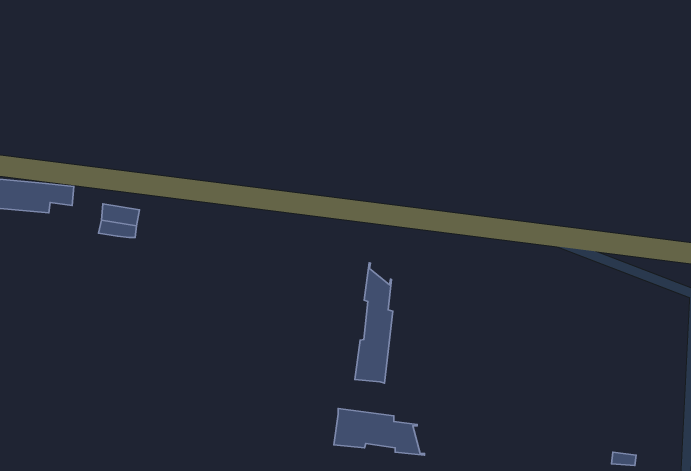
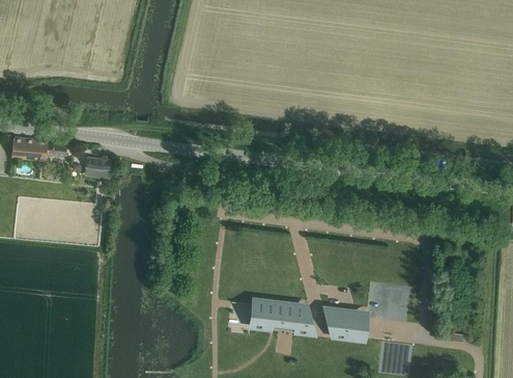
building: [355,263,393,383] -> none
building: none -> [323,310,365,335]

